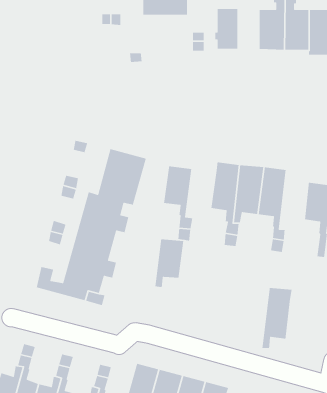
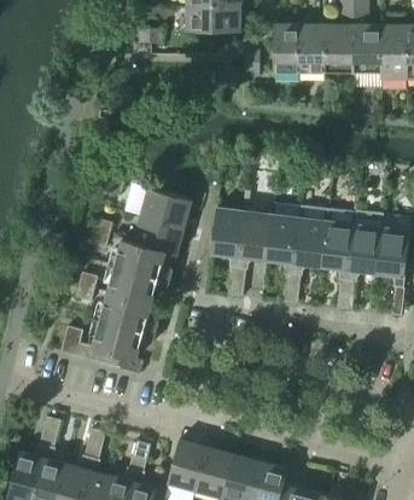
building: none -> [298,23,322,71]
building: [154,239,184,288] -> [237,211,272,269]
building: [262,287,292,349] -> [346,210,383,283]

